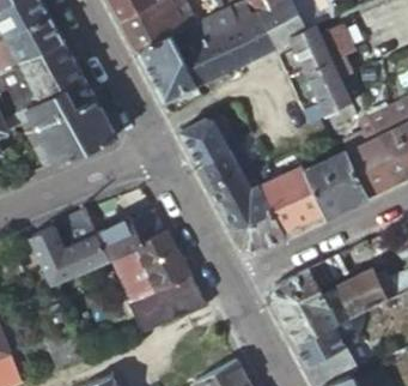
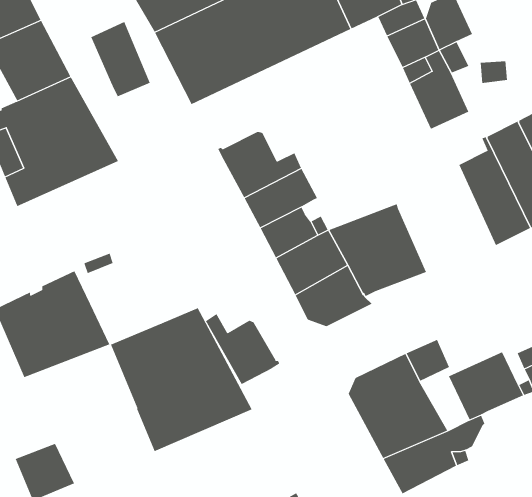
building: none -> [91,21,151,97]
building: [304,151,367,217] -> none
building: [95,218,142,263] -> none
building: none -> [205,313,280,385]

